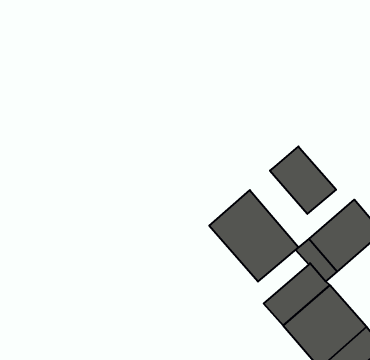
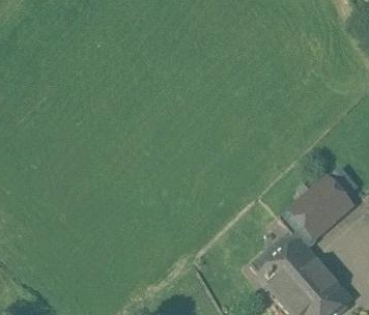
building: [270,146,336,214] -> none
building: [209,190,298,282] -> none

